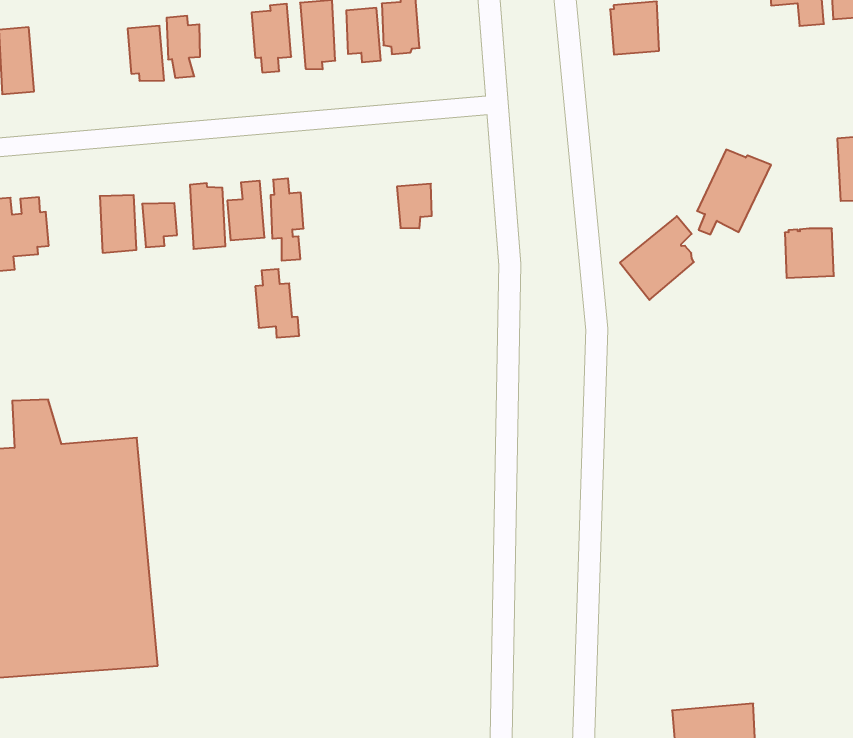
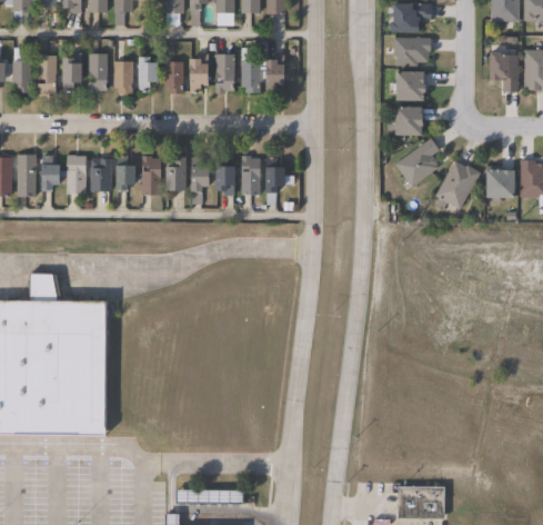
building: none -> [88,52,107,91]
building: none -> [59,51,80,91]
building: none -> [165,61,183,92]
building: none -> [395,105,422,133]
building: none -> [242,155,260,194]
building: none -> [60,153,86,192]
building: [620,216,694,300] -> [398,138,441,186]
building: [785,229,834,278] -> [486,168,515,197]
building: [255,269,299,338] -> [213,156,237,196]

